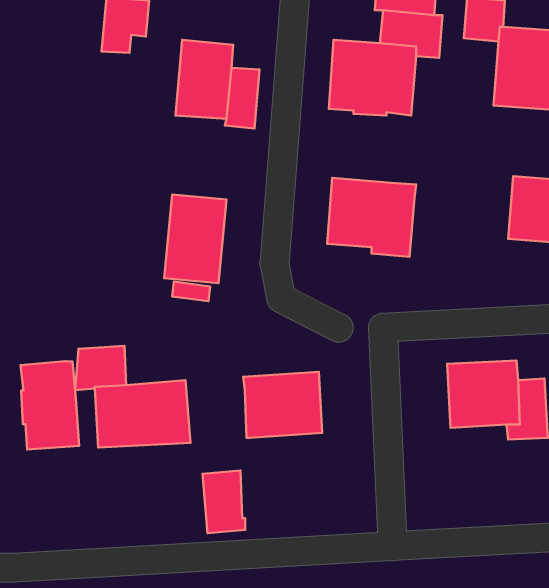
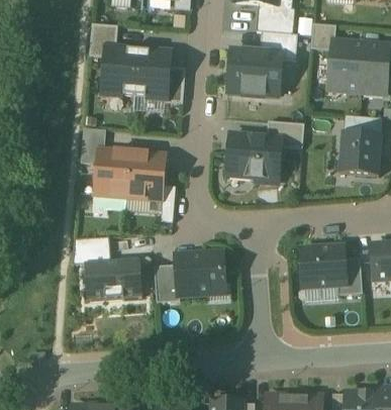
building: none -> [103,46,138,96]
building: none -> [267,121,304,148]
building: none -> [93,140,132,196]
building: [21,361,79,450] -> none
building: [202,471,245,533] -> [154,265,180,303]

